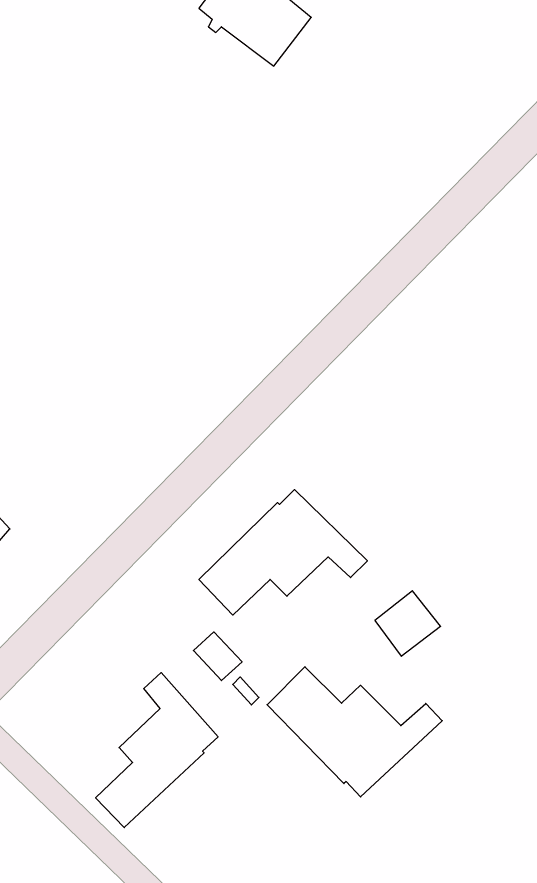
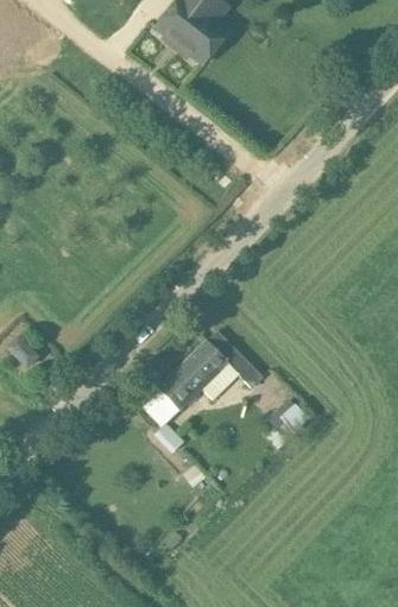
building: [267,667,442,797] -> none
building: [96,673,218,828] -> none

